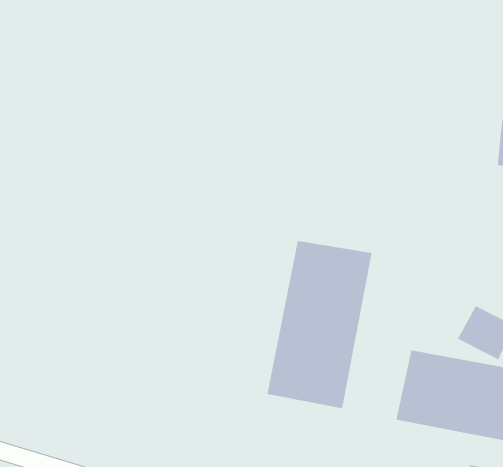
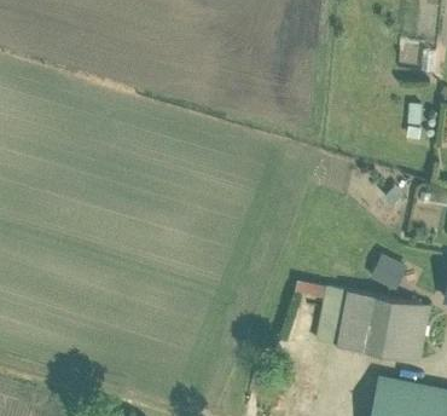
building: [266,240,372,409] -> none

